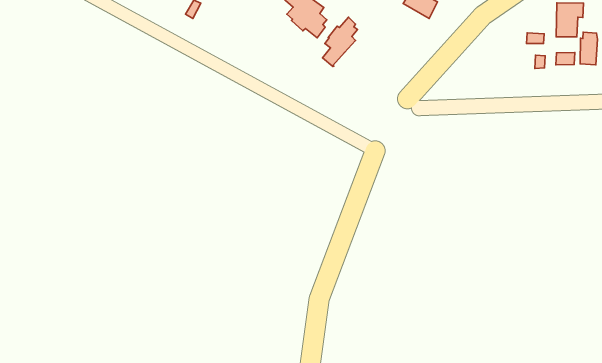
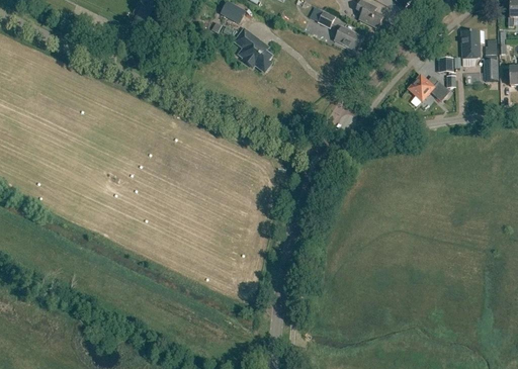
building: [322,17,357,67] -> none
building: none -> [409,75,449,101]

